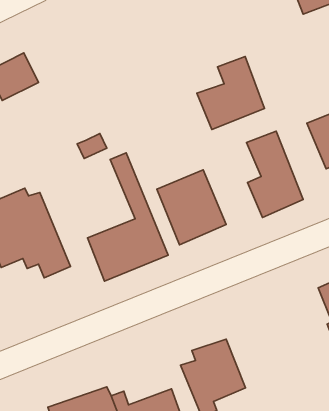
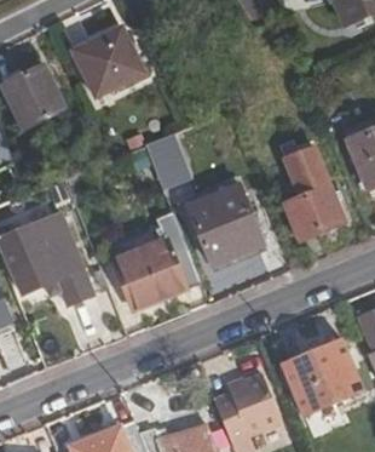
building: none -> [75,25,146,96]
building: [197,57,264,129] -> none
building: none -> [145,131,190,185]
building: none -> [281,338,360,413]

